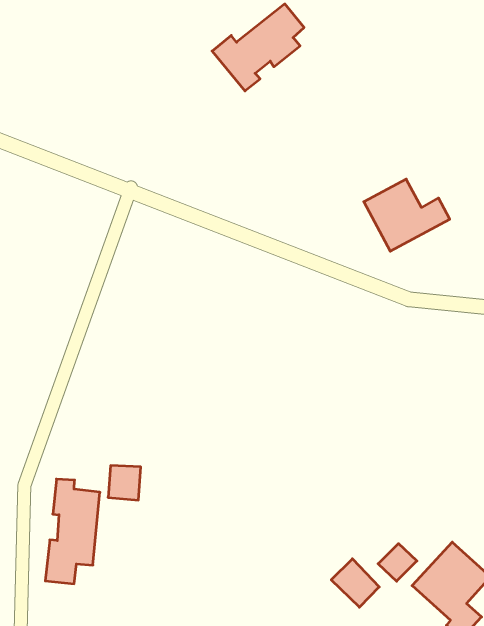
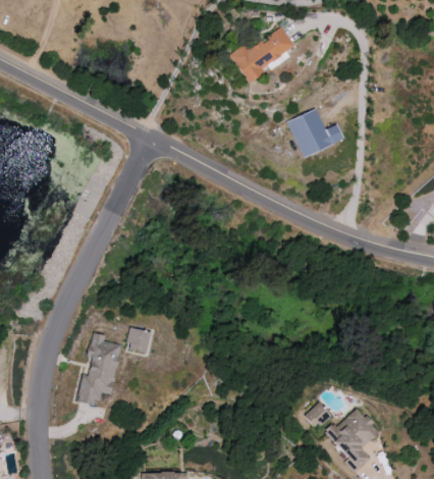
building: [364,179,450,251] -> [287,109,344,157]
building: [331,559,379,607] -> none

